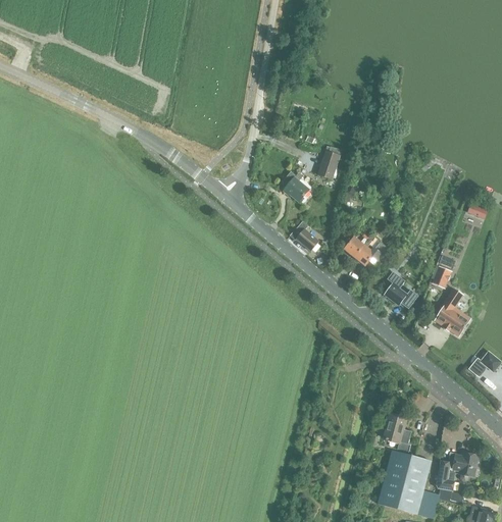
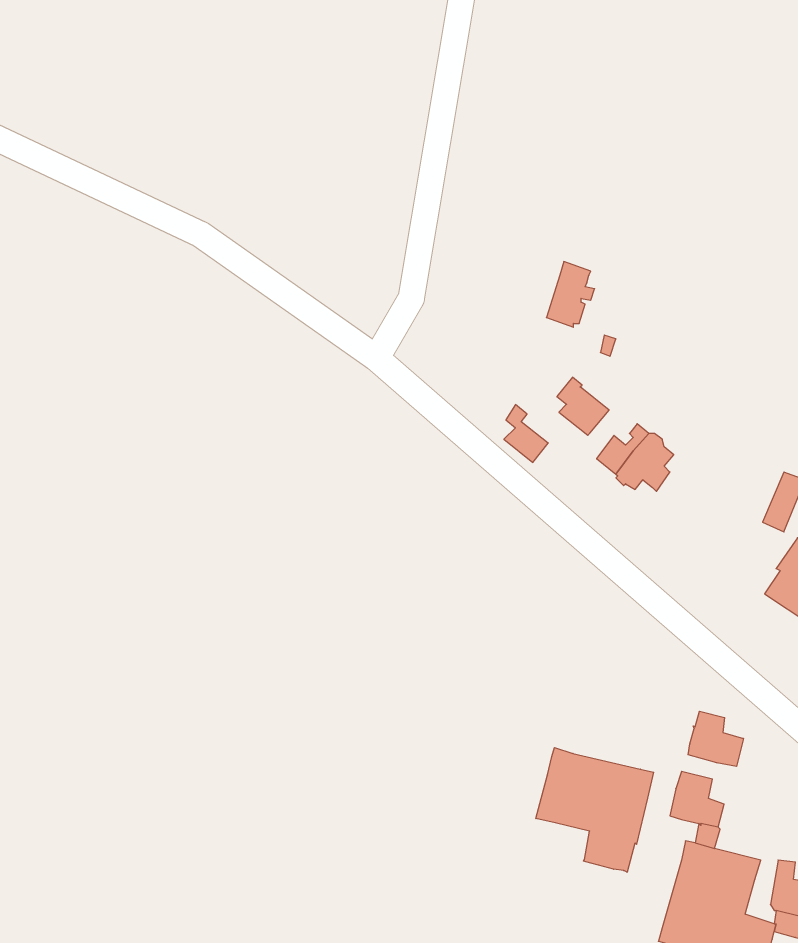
building: [283,171,310,202] -> [557,377,609,435]
building: [384,271,417,309] -> none
building: none -> [688,711,743,766]
building: none -> [536,748,654,872]

